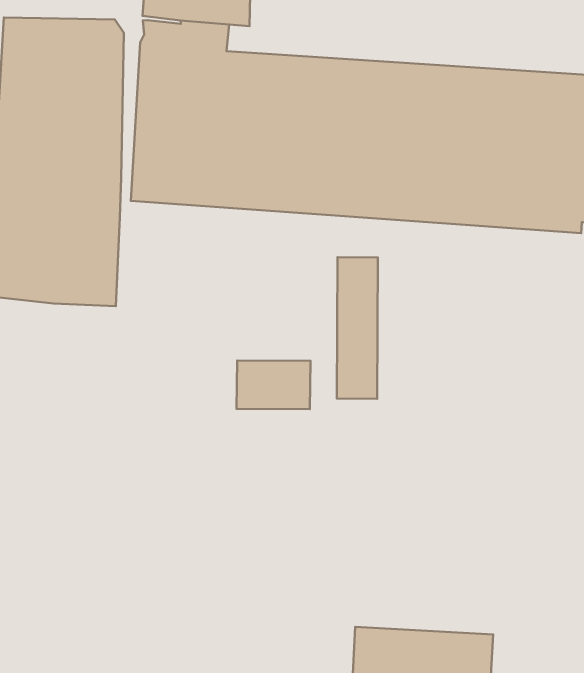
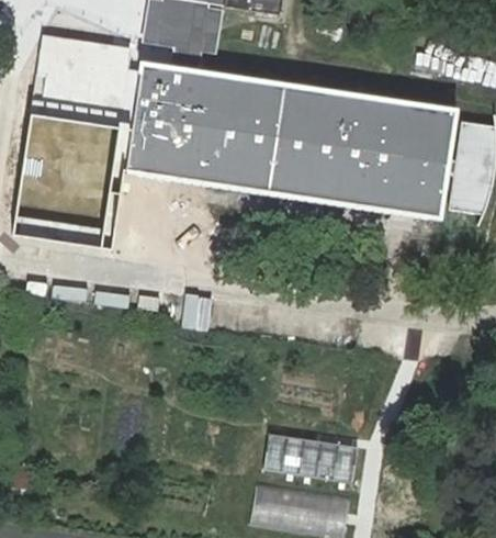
building: [337,257,378,399] -> none
building: none -> [260,433,357,482]

